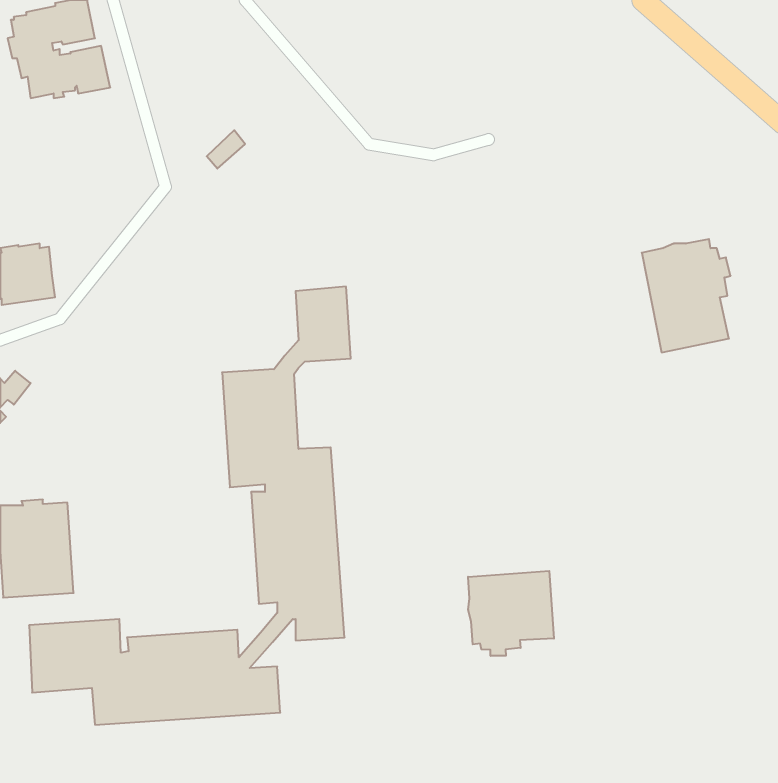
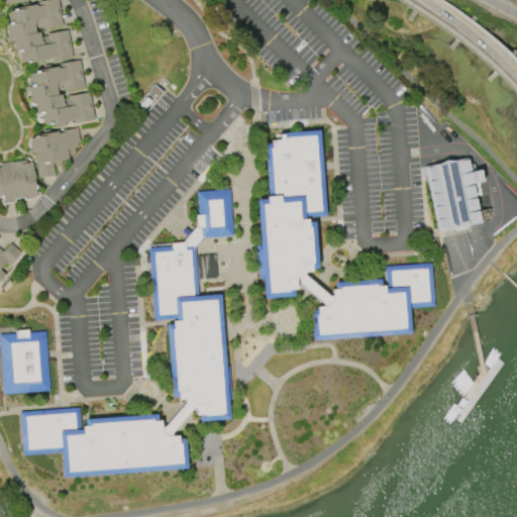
building: none -> [29,60,96,125]
building: none -> [30,128,82,179]
building: none -> [257,130,435,340]
building: [468,571,554,656] -> none

